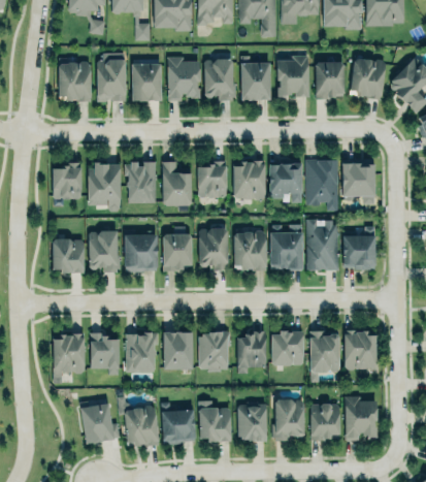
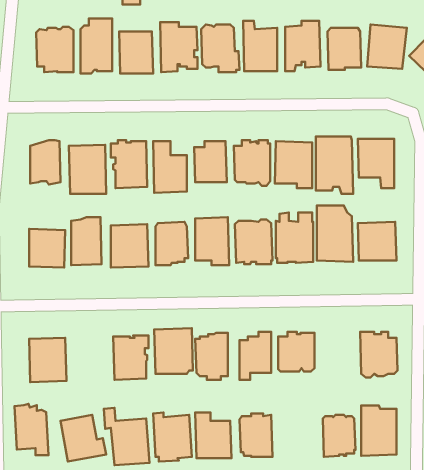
building: [309,328,339,371] -> none
building: [89,329,119,375] -> [15,404,49,455]
building: [273,399,305,441] -> none

